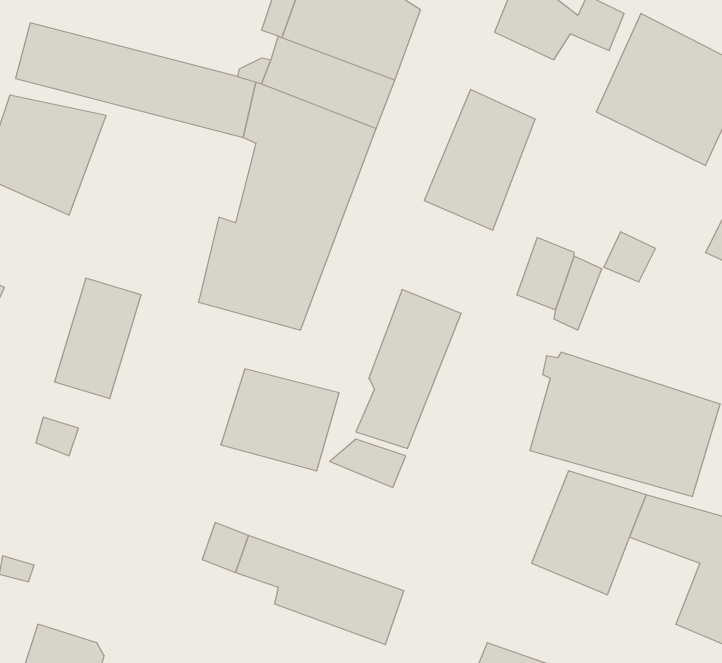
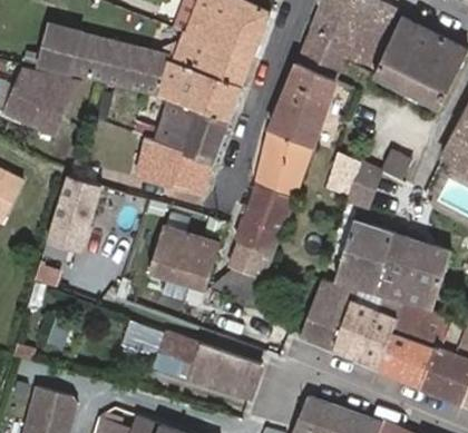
building: none -> [298,29,381,81]
building: none -> [256,130,311,198]
building: none -> [301,283,357,348]
building: none -> [380,333,436,385]

